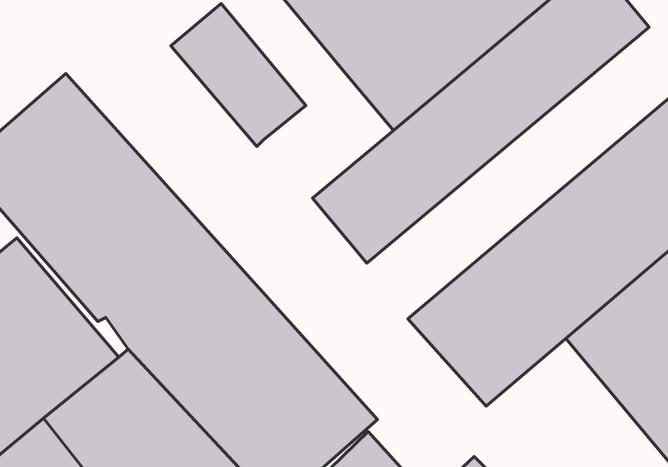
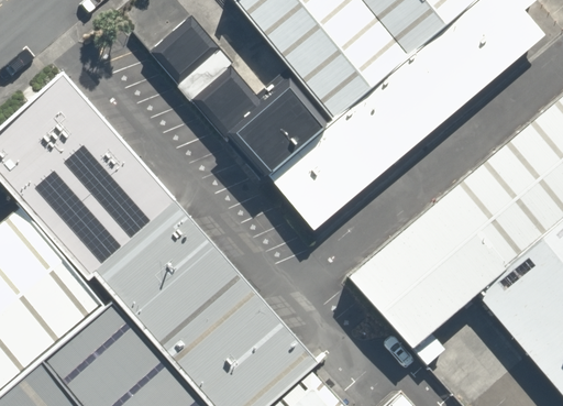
building: none -> [225,73,333,177]

